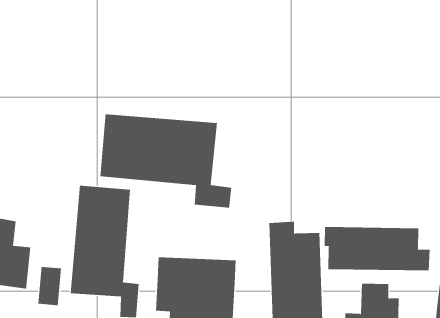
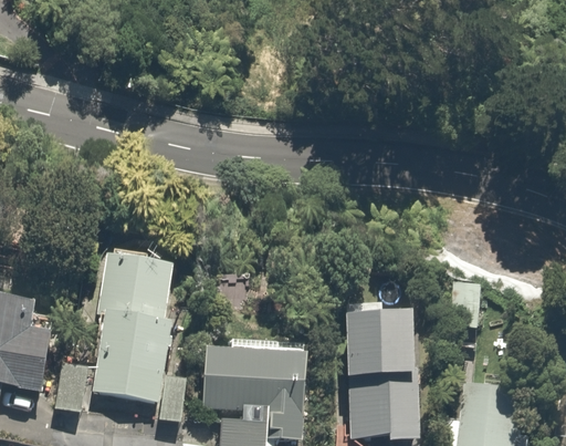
building: [100,113,232,209] -> none
building: [324,226,430,271] -> none

